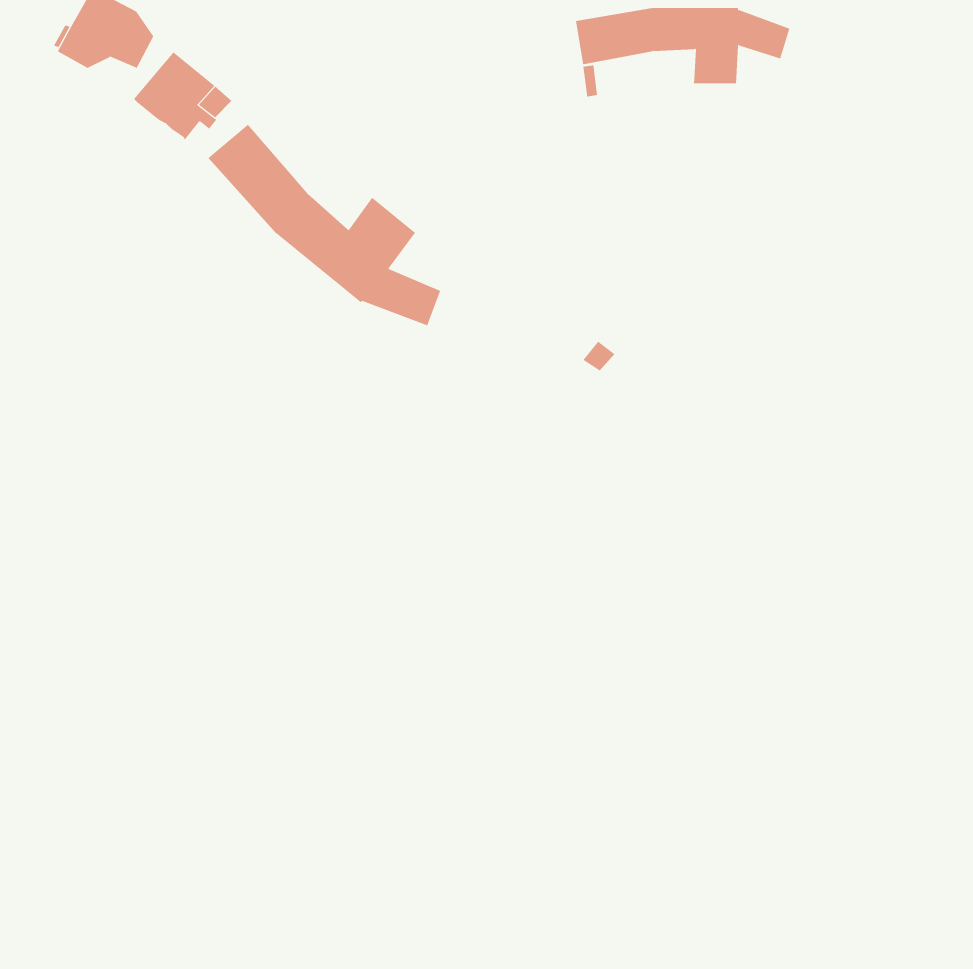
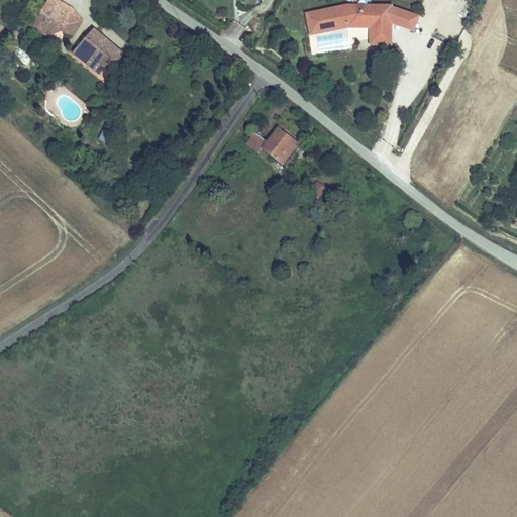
building: [208,124,441,326] -> none
building: none -> [245,127,298,164]

